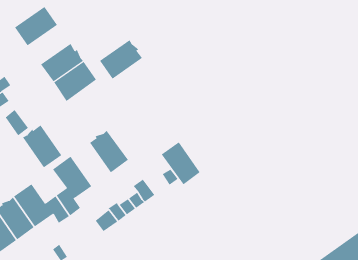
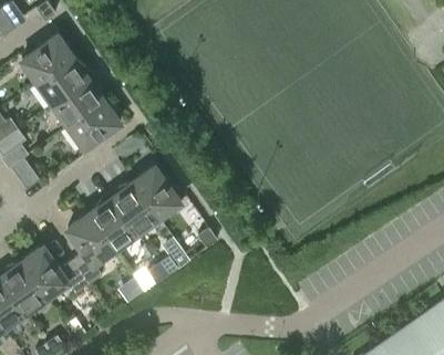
building: [99,39,143,79] -> [37,58,89,105]
building: [22,125,62,168] -> [89,198,136,250]
building: [161,142,201,185] -> [132,167,179,219]

